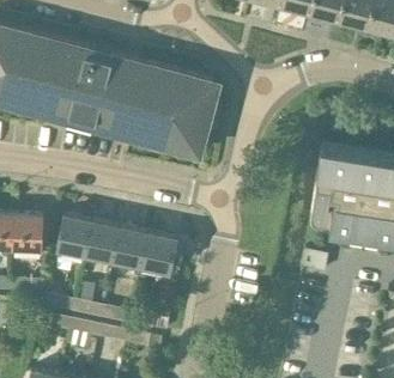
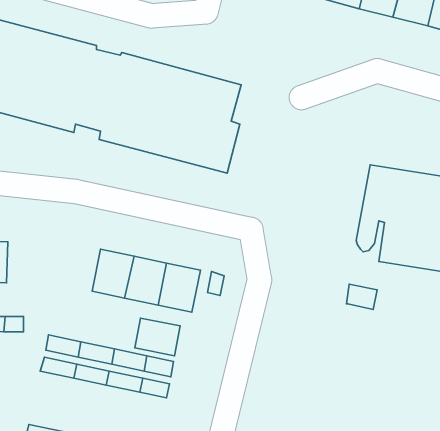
building: [12,214,43,250] -> none
building: [55,214,92,256] -> none
building: none -> [135,318,180,356]

